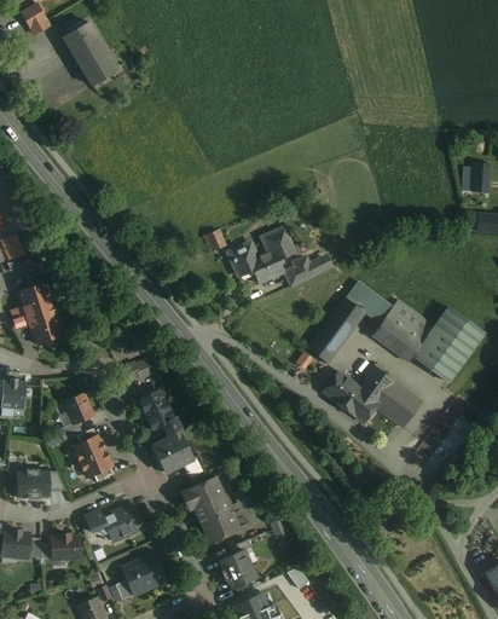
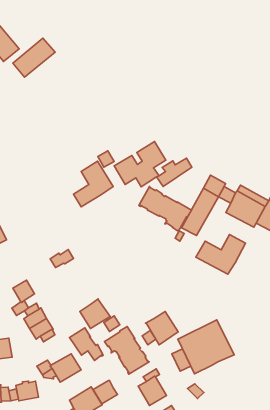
building: none -> [13,38,55,77]
building: none -> [74,161,113,207]
building: none -> [139,186,191,231]
building: [375,381,419,426] -> none
building: [138,391,181,438] -> [70,328,103,361]
building: none -> [146,311,178,345]
building: none -> [178,320,234,374]
building: none -> [93,380,117,404]

